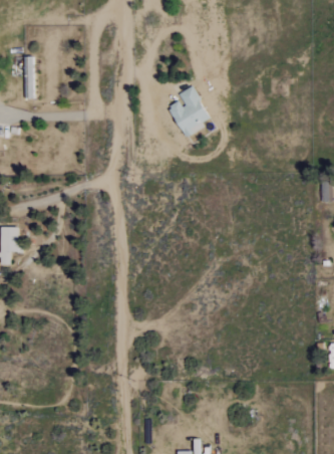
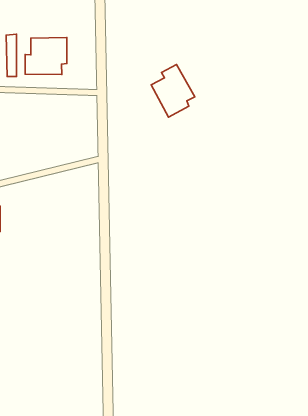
building: none -> [25,37,67,74]

